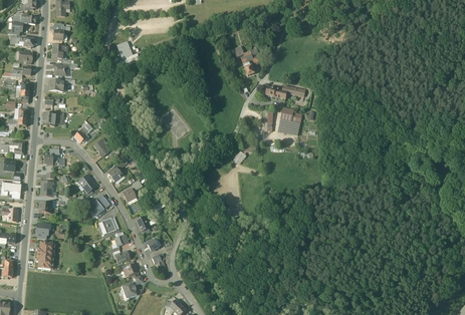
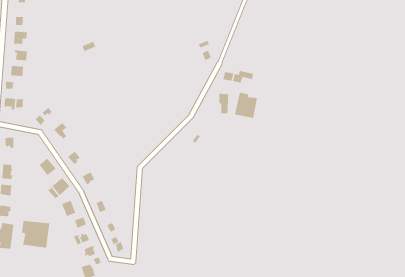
building: none -> [22,220,50,248]

